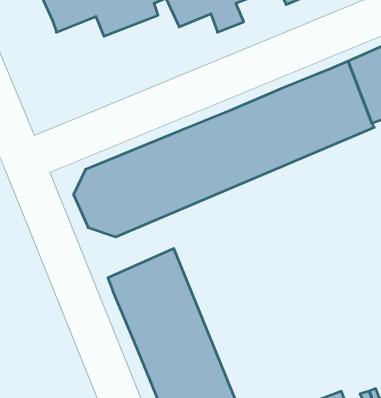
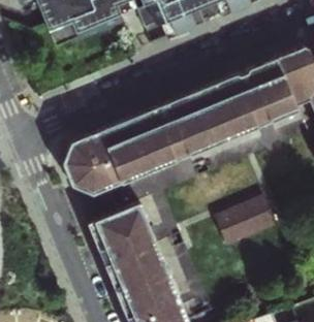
building: none -> [216,197,276,245]

